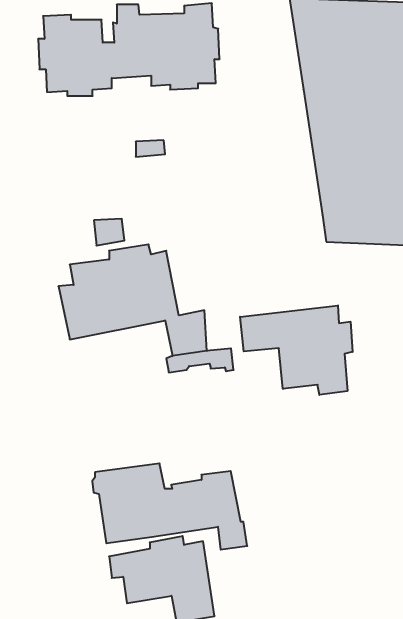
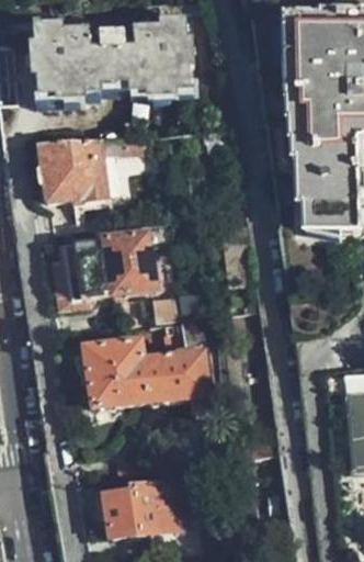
building: none -> [41,137,105,199]
building: [240,305,353,395] -> none
building: [92,463,247,550] -> [80,336,214,411]

